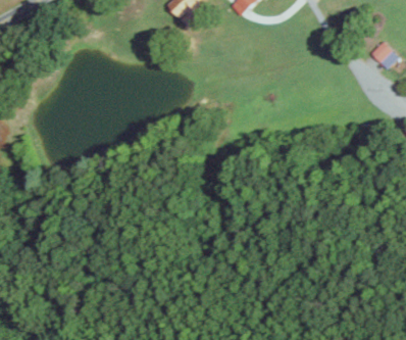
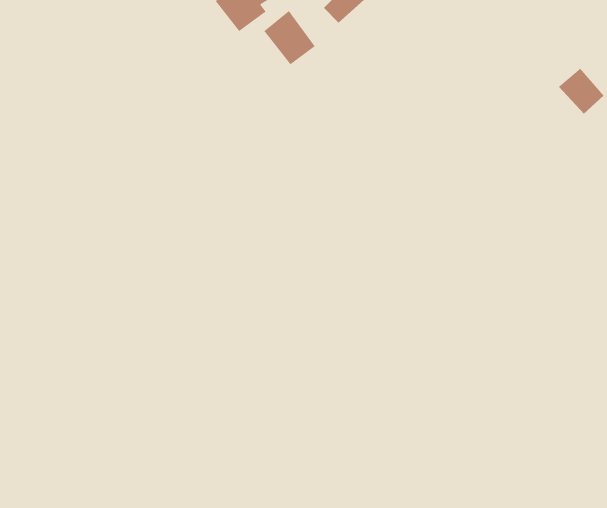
building: none -> [263,10,315,65]

